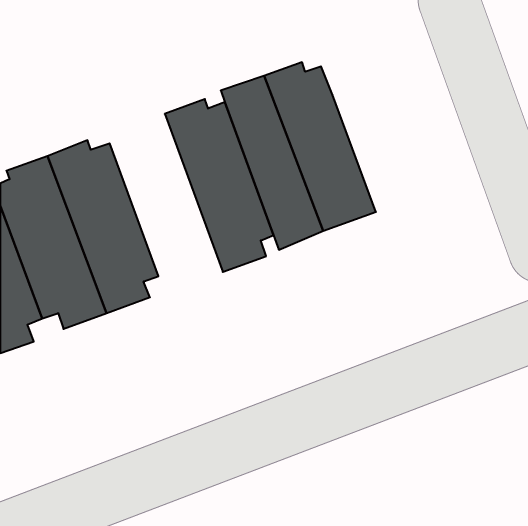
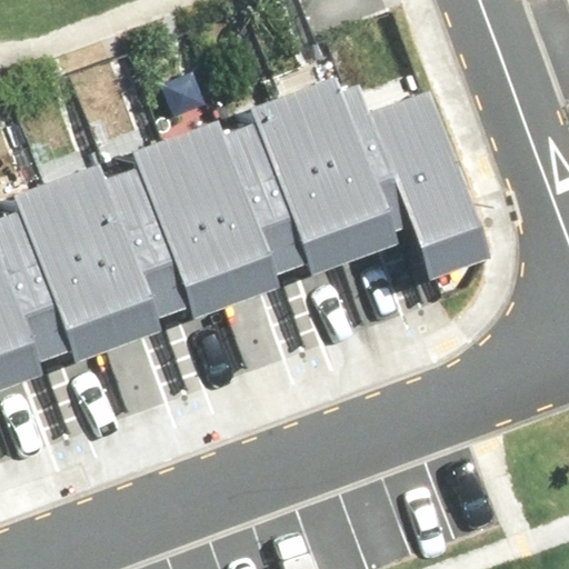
building: none -> [362,91,482,278]
building: none -> [128,133,247,316]

